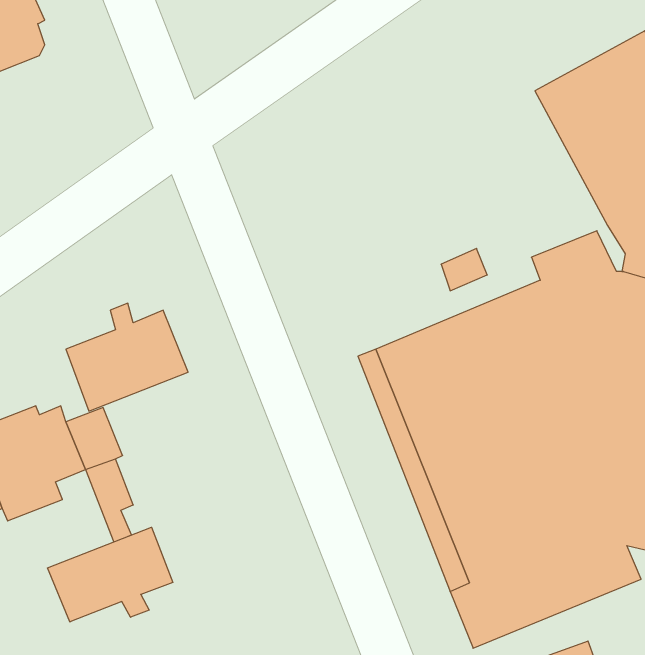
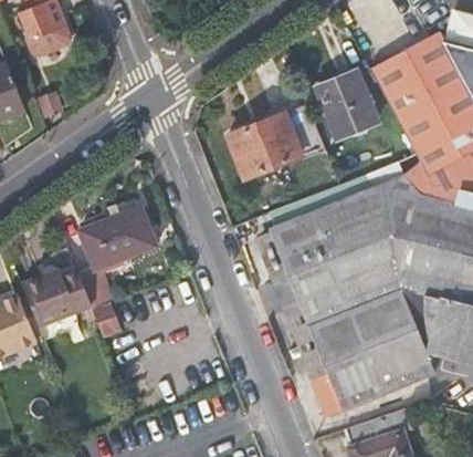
building: none -> [318,72,380,138]
building: none -> [229,113,304,179]
building: [47,527,173,622] -> none

